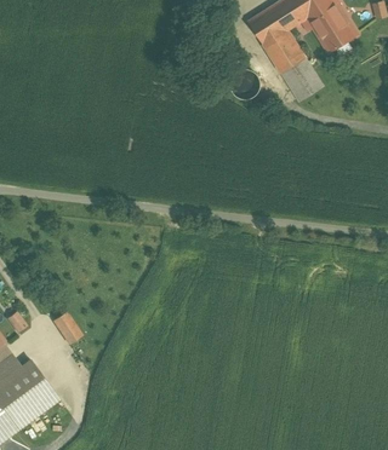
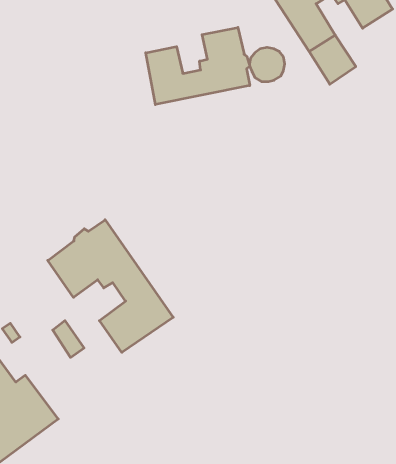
building: none -> [146,27,250,105]
building: none -> [48,220,173,352]

